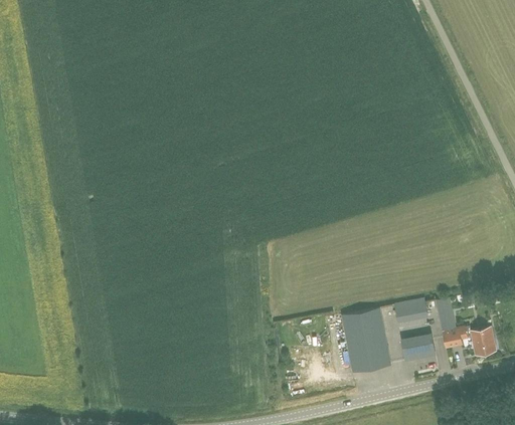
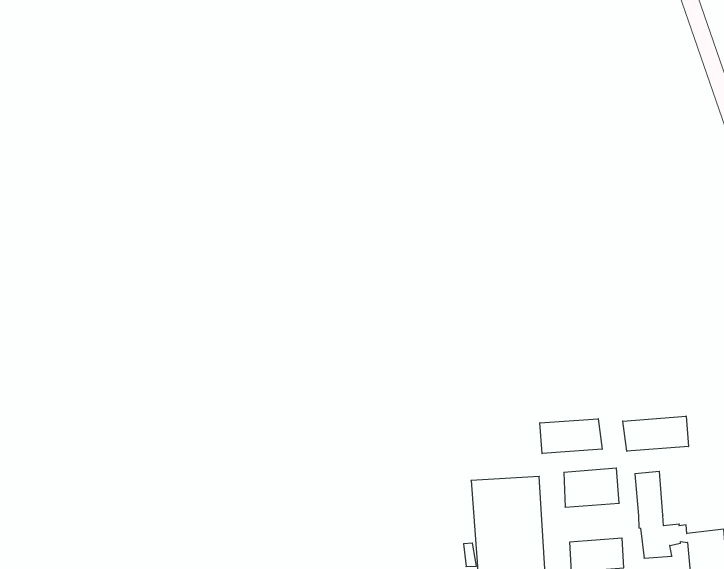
building: none -> [623,416,688,451]
building: none -> [540,419,602,454]

